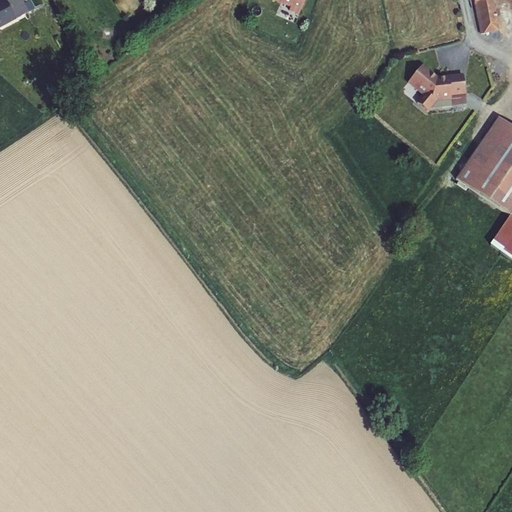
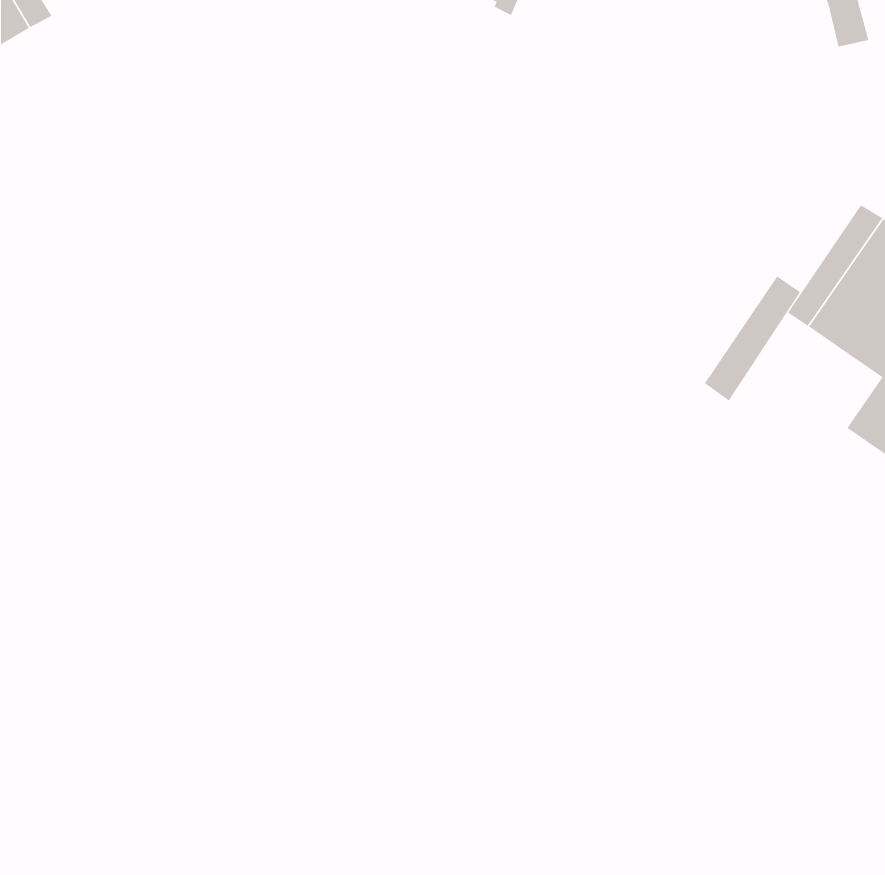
building: [413,63,471,108] -> none
building: none -> [704,276,801,401]

